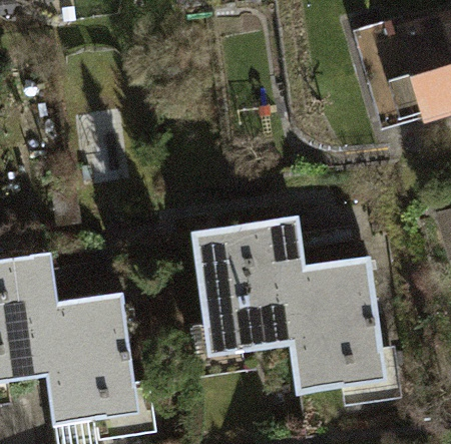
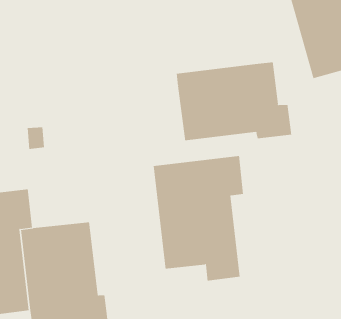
building: none -> [176,62,292,141]
building: [288,257,392,387] -> none

